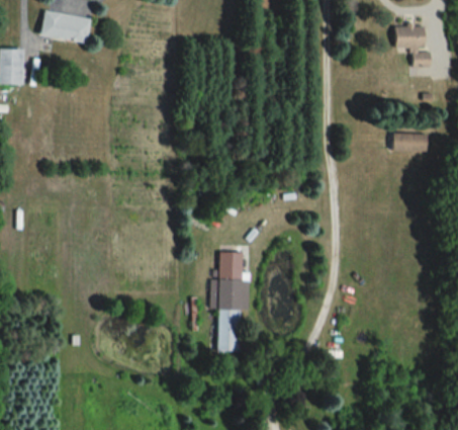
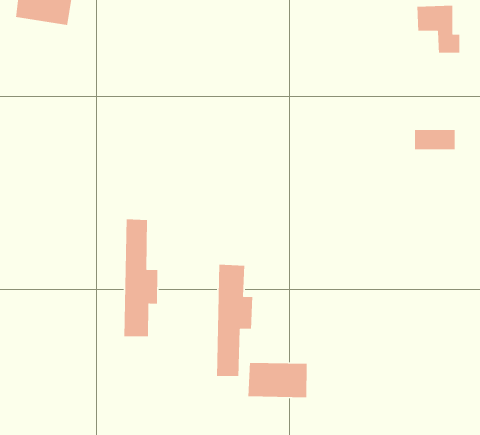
building: none -> [123,219,158,337]
building: none -> [247,362,307,398]

